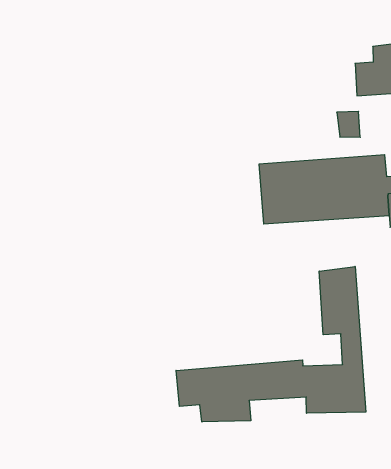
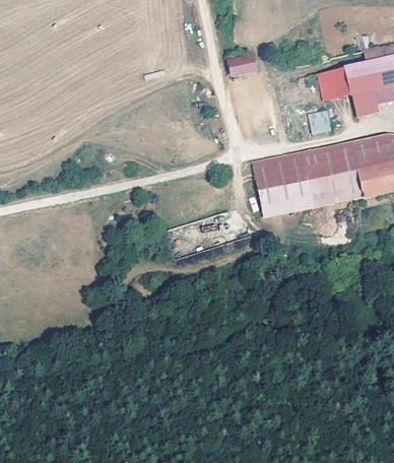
building: none -> [234,56,261,77]
building: [176,266,366,422] -> none

